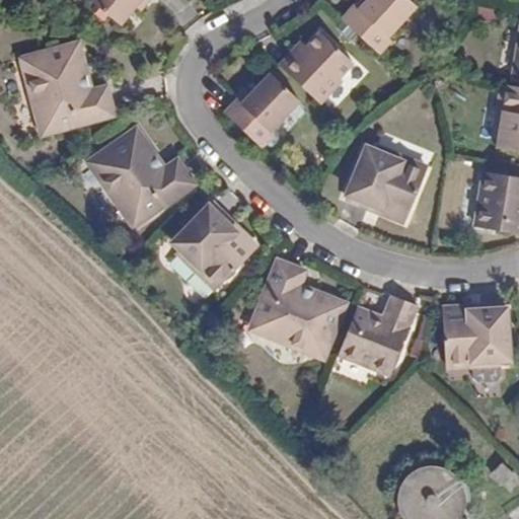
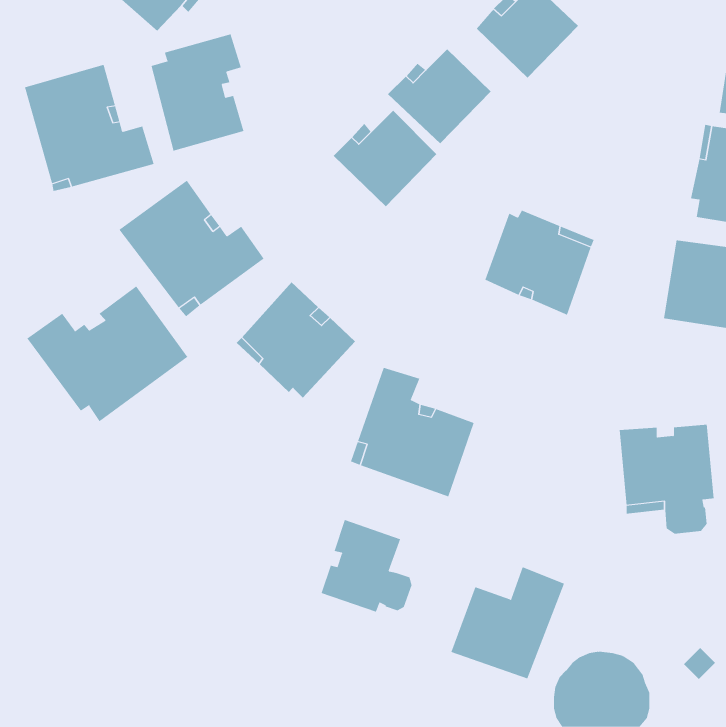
building: none -> [151,33,244,151]
building: none -> [26,286,188,422]
building: [337,289,418,369] -> [451,566,565,679]
building: none -> [321,519,412,613]

